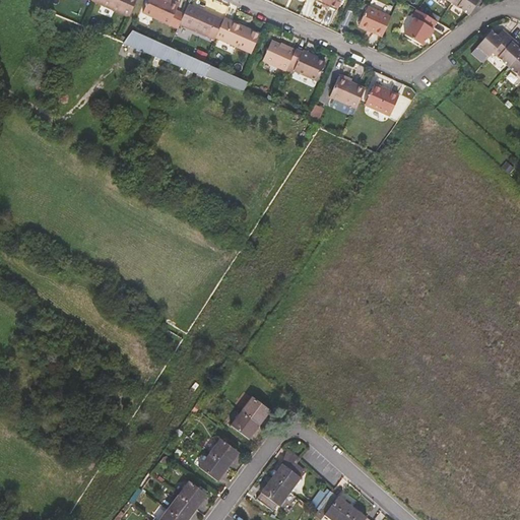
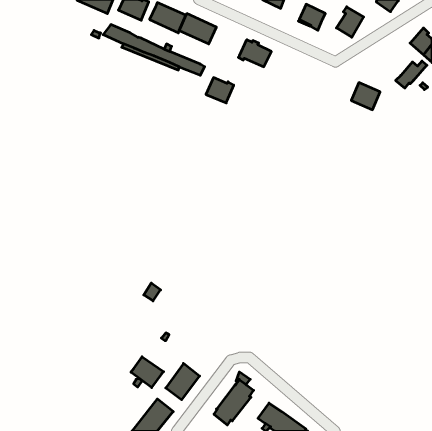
building: [471,28,509,61] -> [396,61,427,88]
building: [262,40,296,70] -> [206,78,234,103]
building: [330,75,366,108] -> none
building: [365,83,399,116] -> [351,83,380,110]
building: [231,395,271,439] -> none
building: none -> [131,357,164,388]

